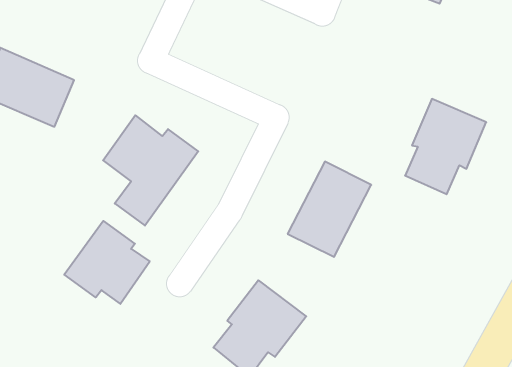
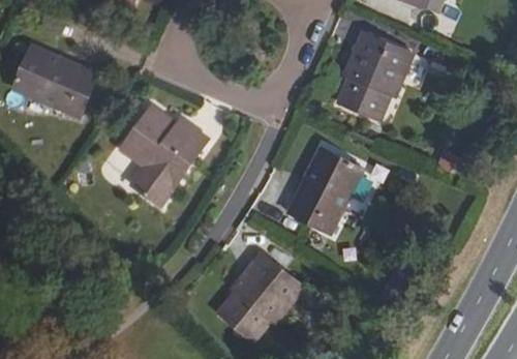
building: [405,99,486,194] -> [339,33,412,118]
building: [64,221,150,304] -> none

